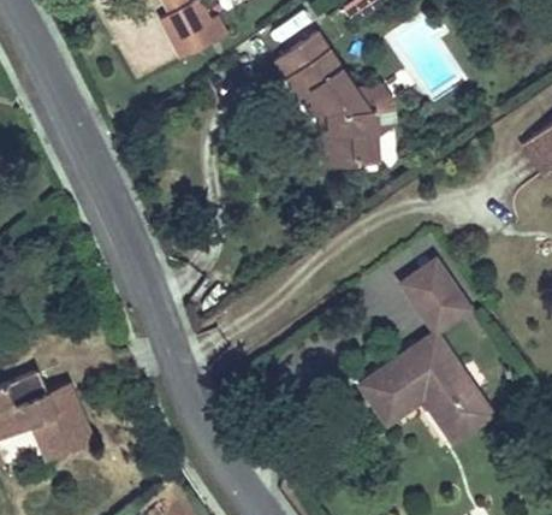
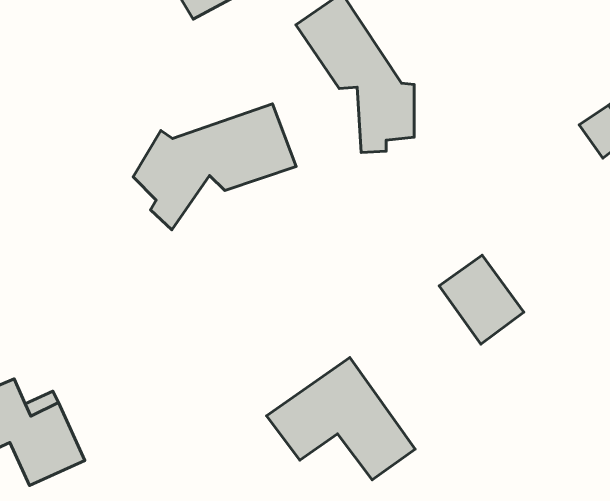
building: none -> [133,104,296,230]
building: [363,336,492,442] -> [267,358,415,480]

